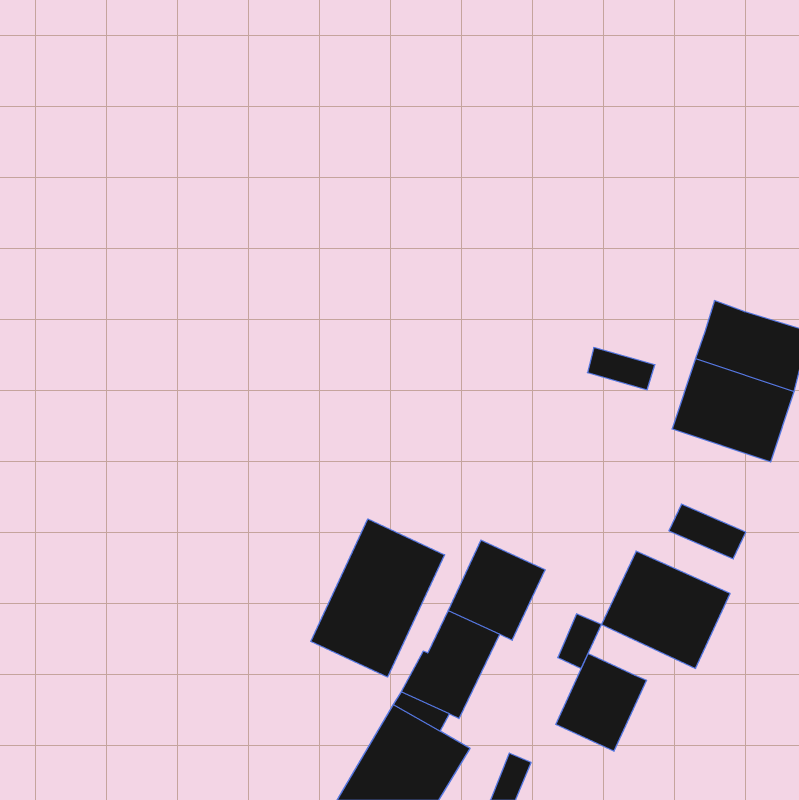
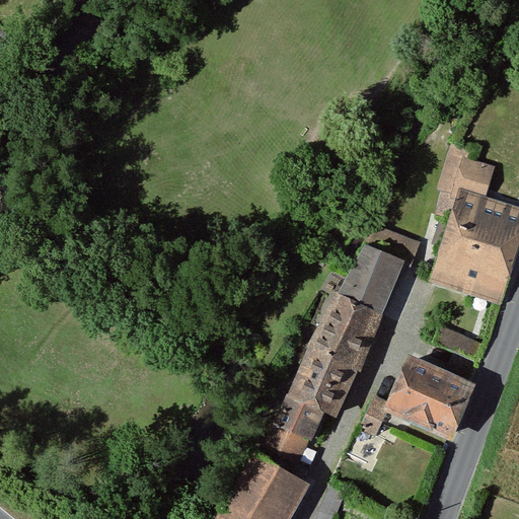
building: none -> [441,145,494,215]
building: none -> [312,244,403,369]
building: [311,519,445,677] -> none
building: [556,653,646,751] -> none

